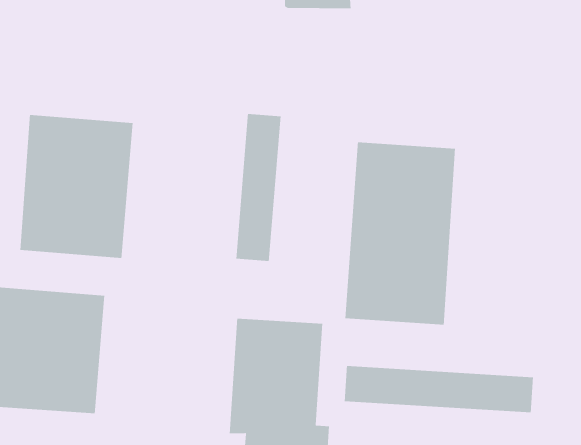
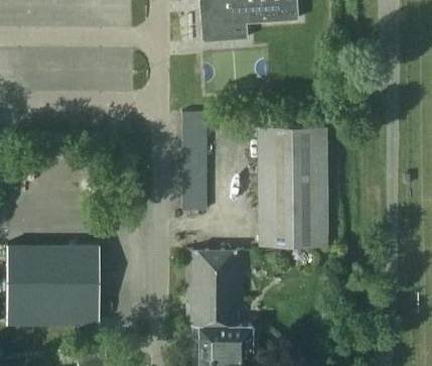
building: [20,114,134,259] -> none
building: [344,365,534,413] -> none

